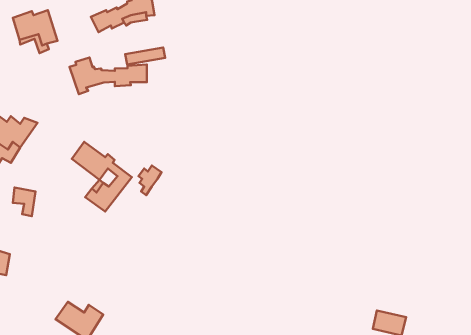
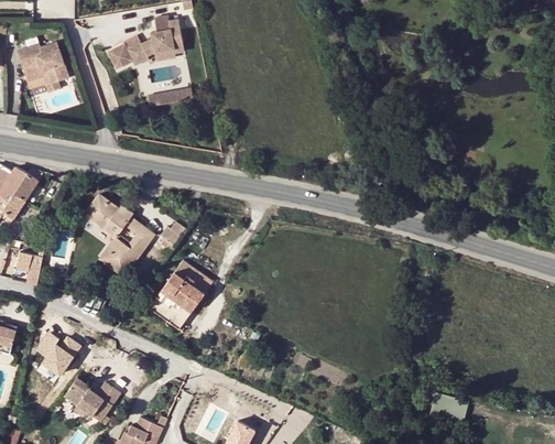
building: [70,58,147,94] -> none
building: none -> [150,261,213,328]
building: none -> [37,327,84,372]

